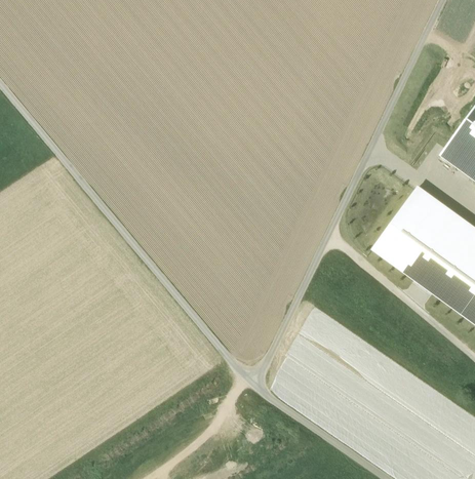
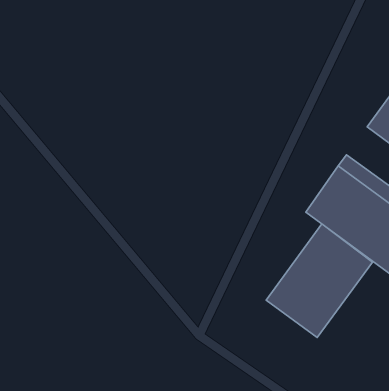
building: none -> [266,224,373,337]

